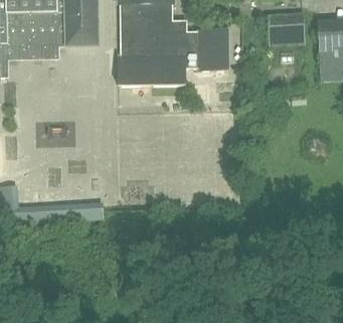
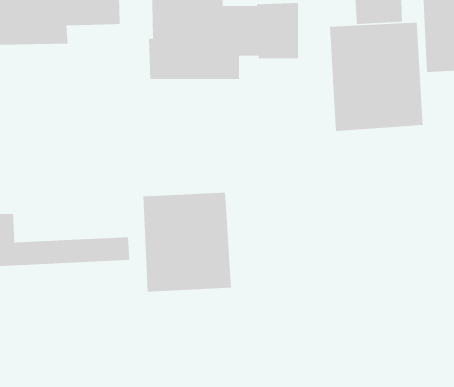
building: none -> [330,22,423,132]
building: none -> [143,192,231,292]

